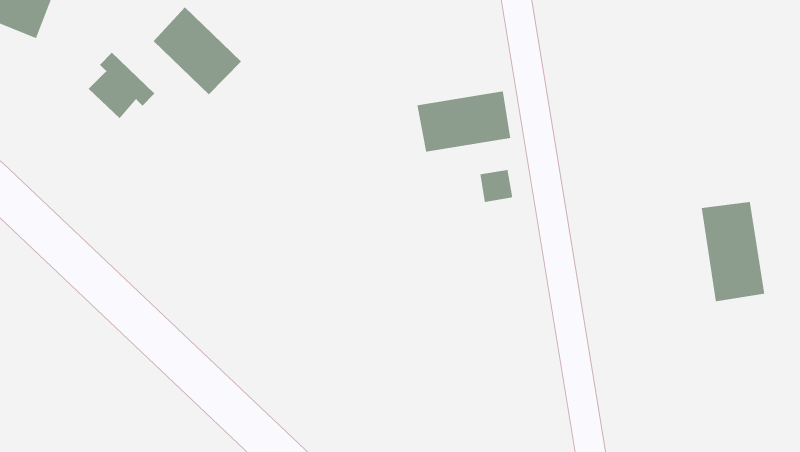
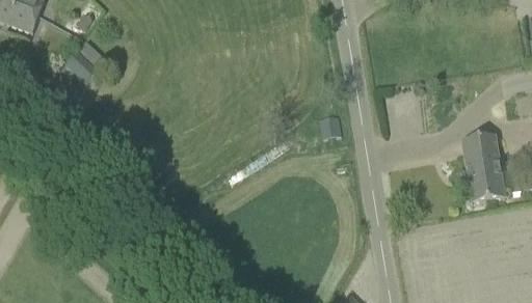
building: [153,6,242,95] -> none
building: [417,90,511,153] -> none

